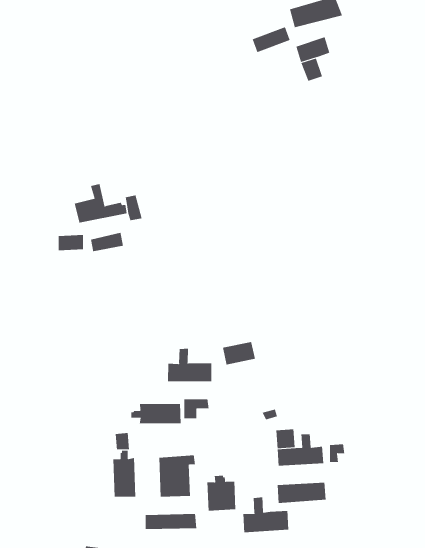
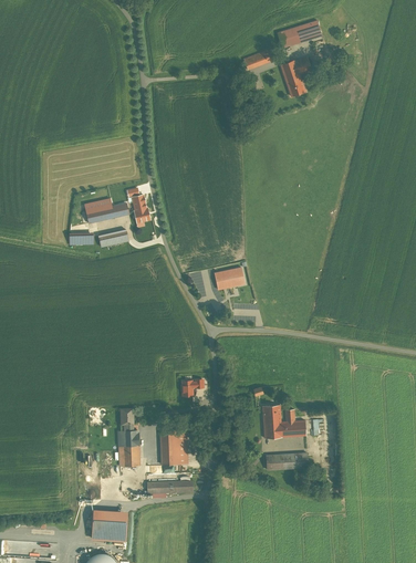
building: [222,341,256,365] -> [214,268,243,289]
building: [168,348,212,382] -> none
building: [131,403,181,424] -> none
building: [207,475,236,511] -> none
building: [243,496,289,533] -> none

